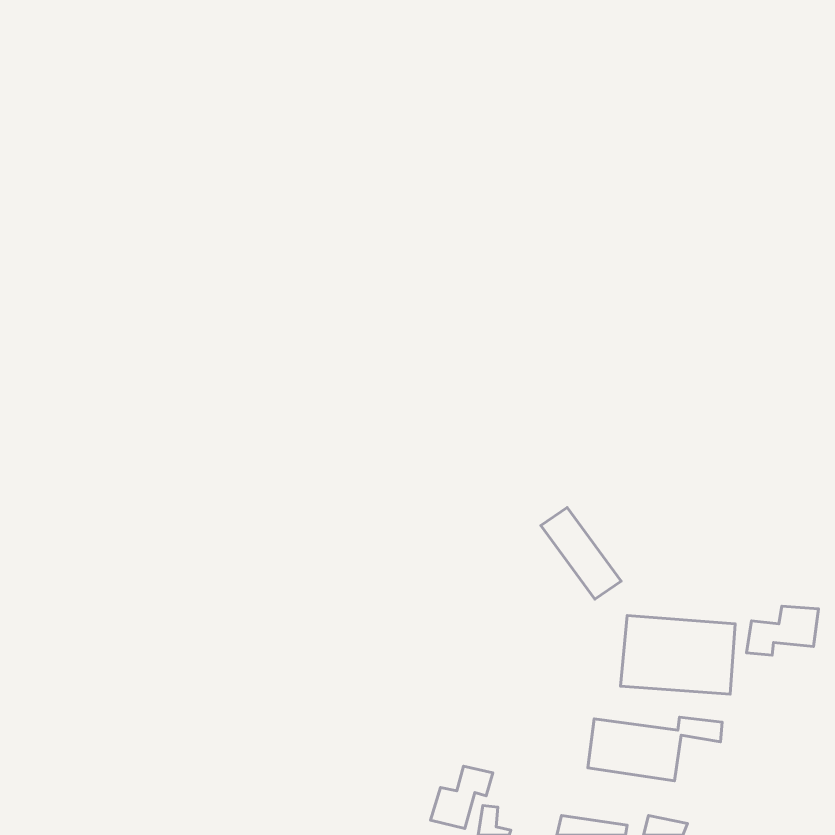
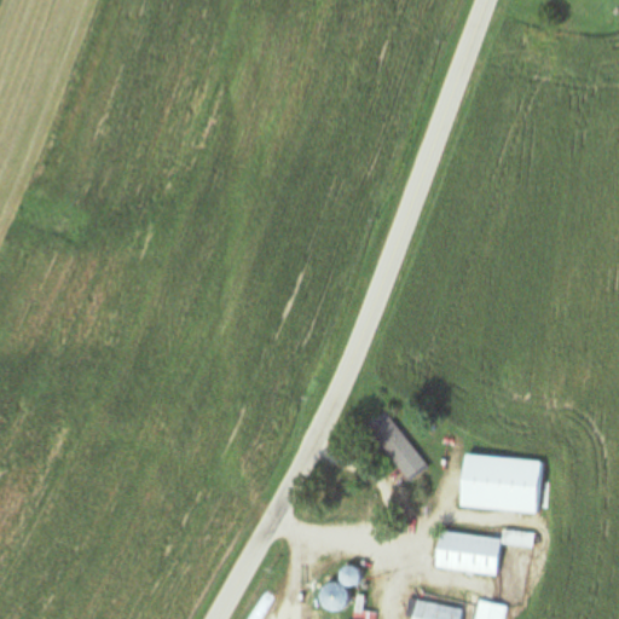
building: [541,508,621,599] -> [366,411,426,479]
building: [747,606,819,655] -> none

